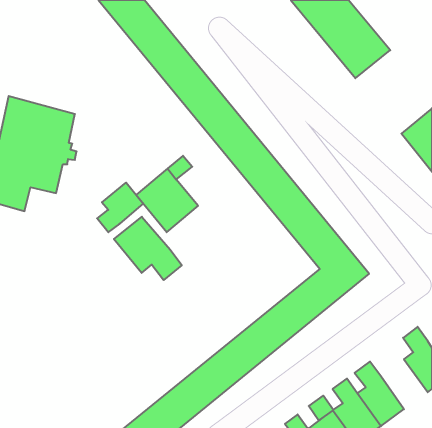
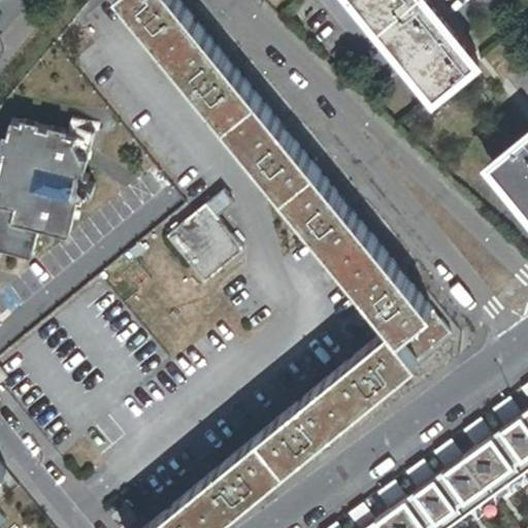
building: [97,183,143,232] -> none
building: [114,217,182,280] -> none
building: none -> [460,425,519,504]

